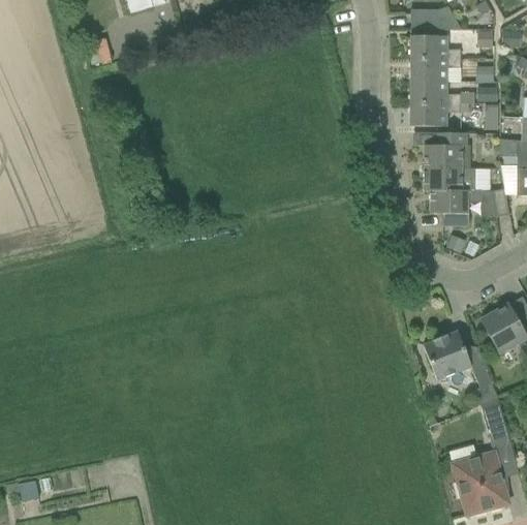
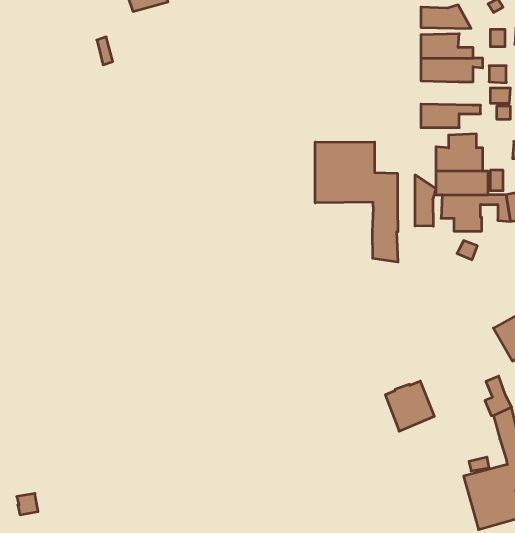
building: [410,80,461,103] -> none
building: none -> [315,142,398,262]
building: none -> [415,175,436,226]
building: [424,331,471,379] -> [385,381,434,431]

